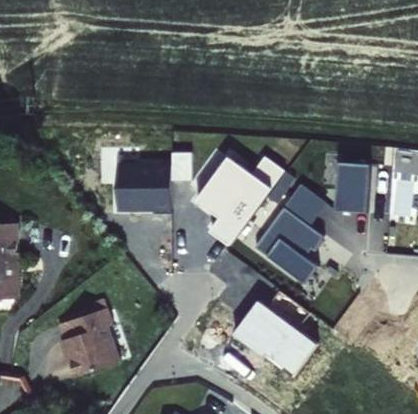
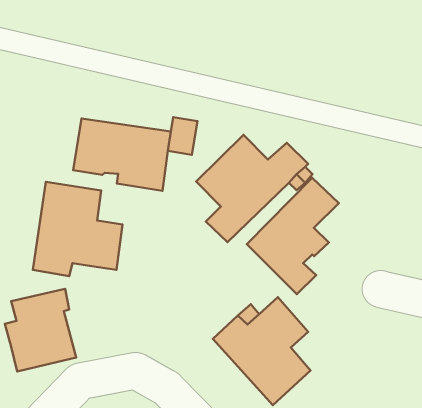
building: [329,163,362,210] -> none
building: none -> [33,182,123,276]

